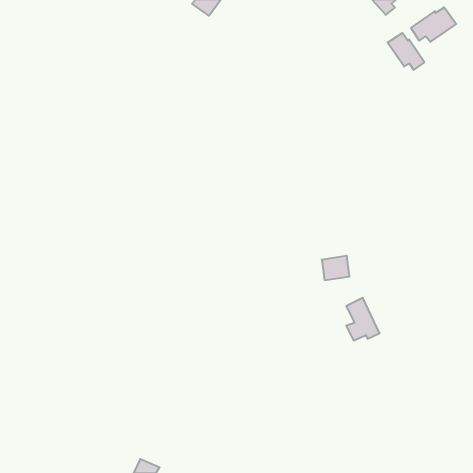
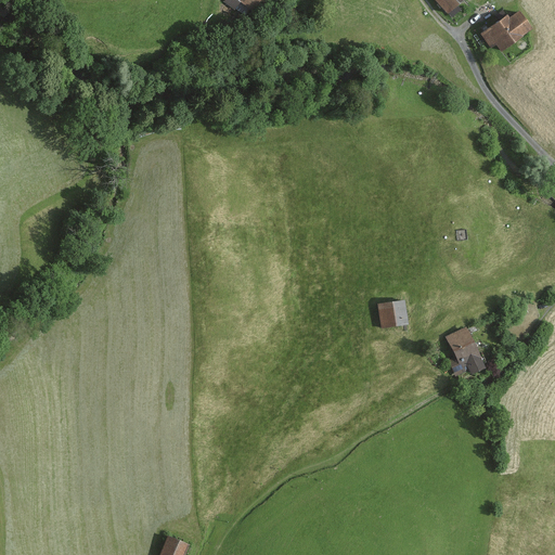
building: [388,33,424,70] -> none
building: [346,298,380,341] -> [448,326,487,376]

